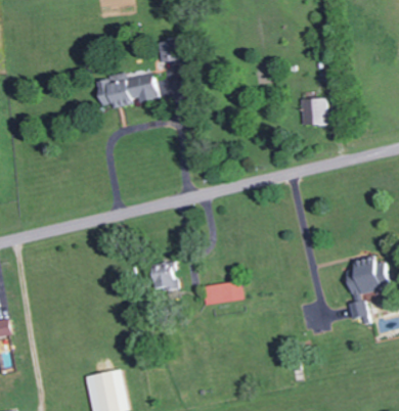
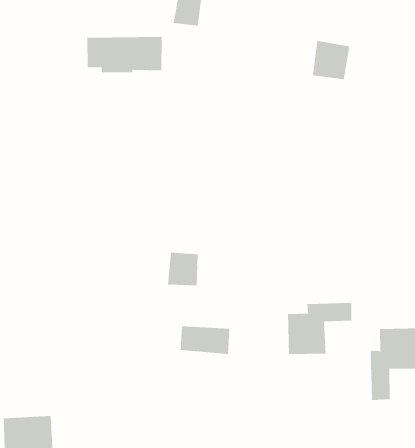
building: [301,98,326,125] -> [312,41,350,80]
building: none -> [288,302,352,355]
building: [152,264,177,290] -> [167,252,199,286]

